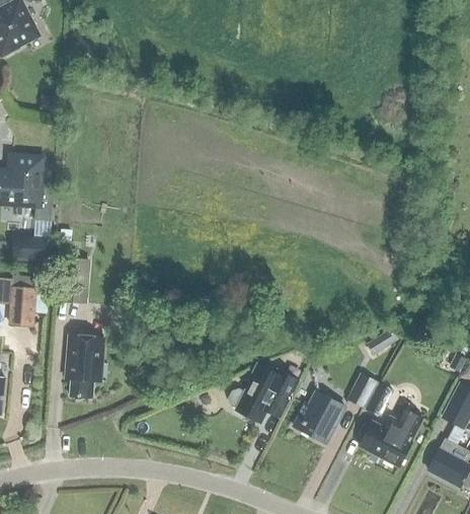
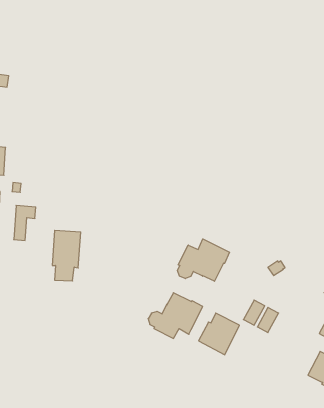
building: none -> [177,239,230,281]
building: [67,333,102,395] -> [52,230,81,281]
building: [359,411,421,465] -> none

